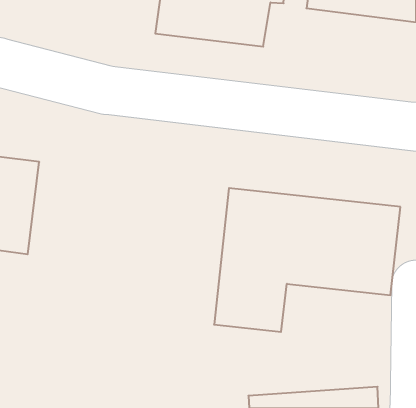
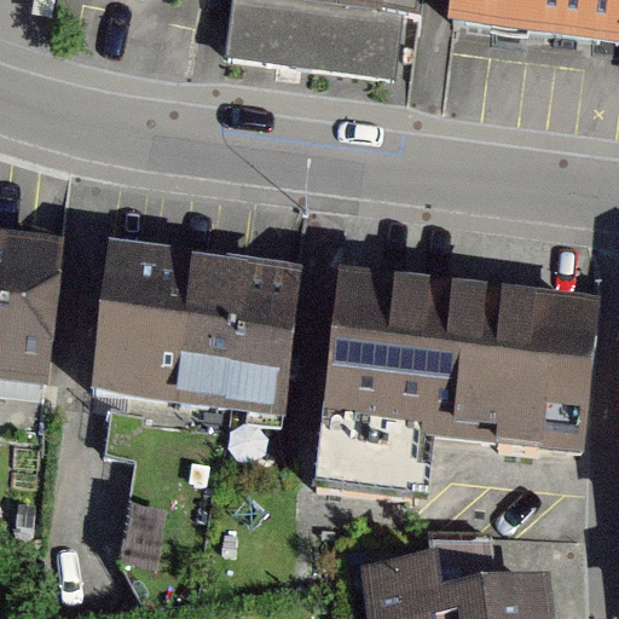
building: none -> [89,249,305,415]

